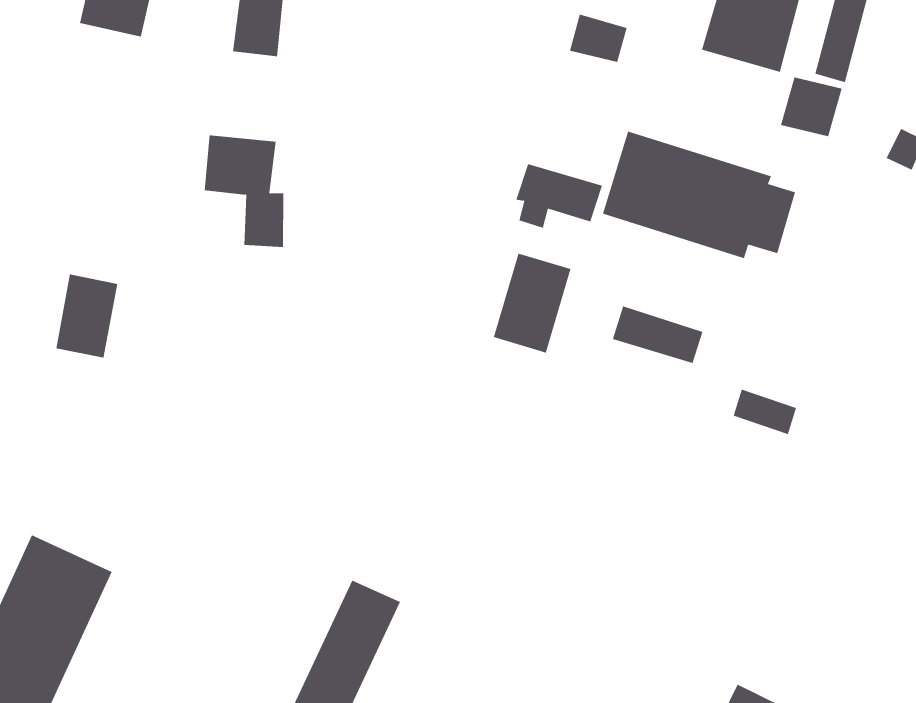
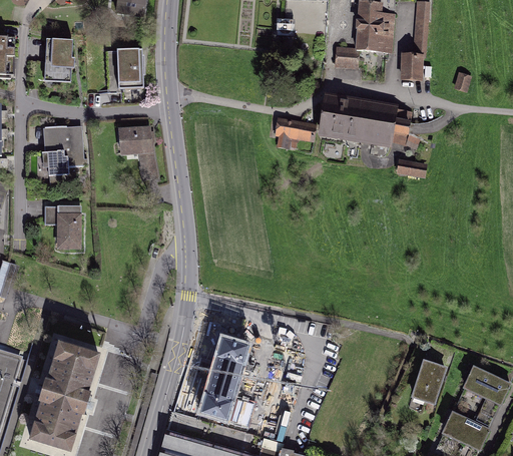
building: [569,14,627,63] -> [334,47,361,68]
building: none -> [38,124,88,174]
building: [493,253,571,353] -> none
building: [612,305,703,364] -> none
building: [733,389,797,435] -> [395,156,426,175]

